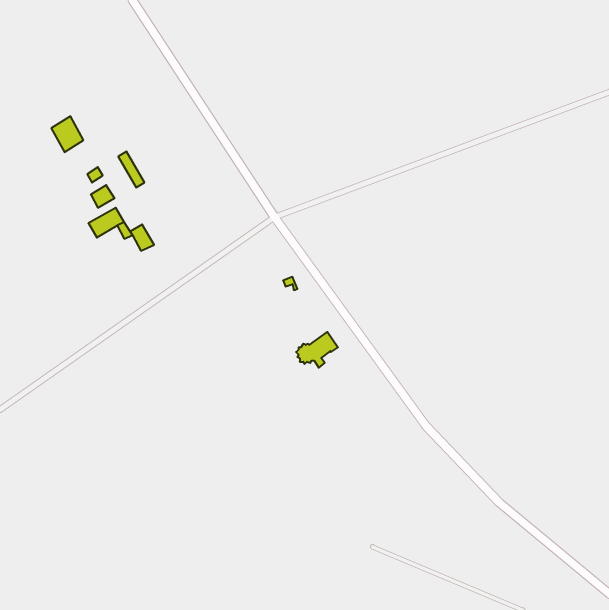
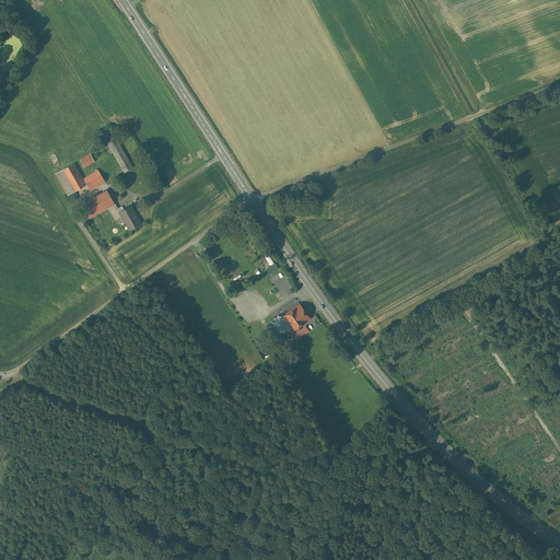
building: [51,116,83,152] -> [57,163,86,196]

